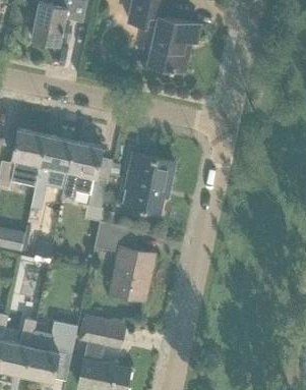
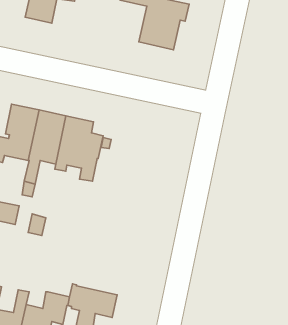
building: [120,152,173,215] -> none
building: [93,221,155,300] -> none

